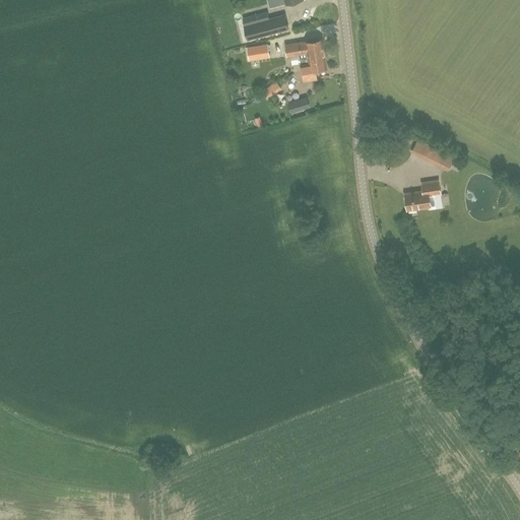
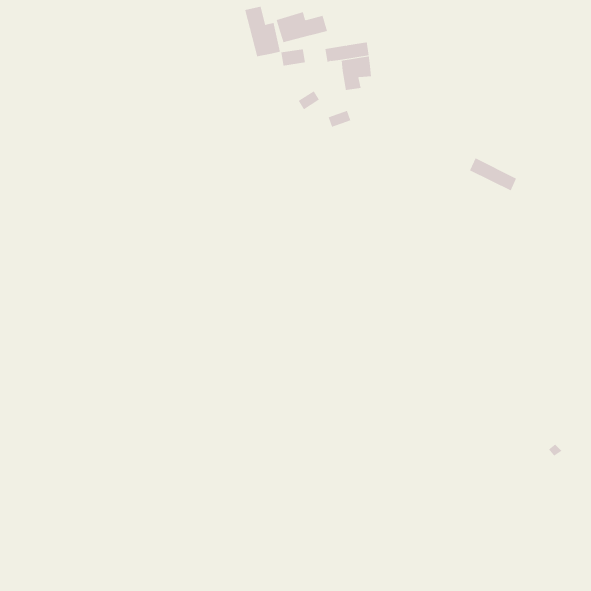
building: none -> [244,6,280,57]
building: [403,179,442,208] -> none

